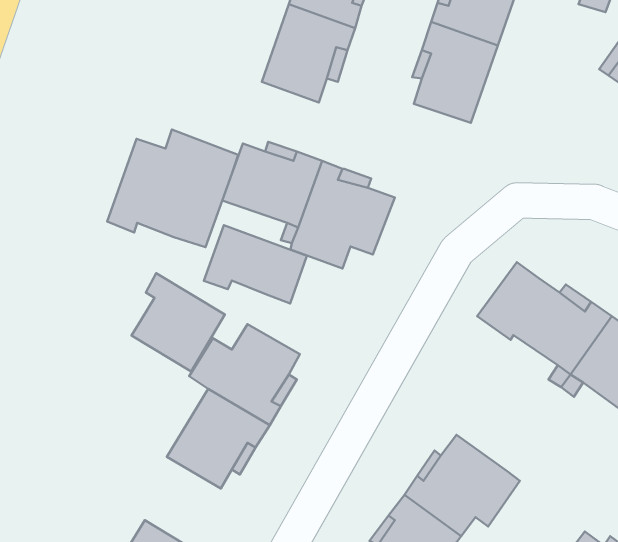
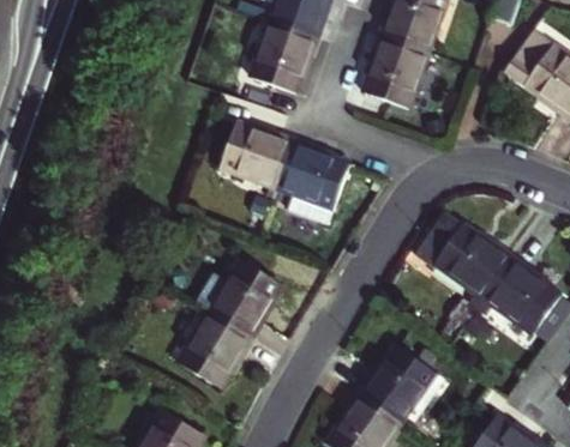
building: [107,130,238,247] -> none
building: [204,225,307,303] -> none
building: [131,273,225,371] -> none

